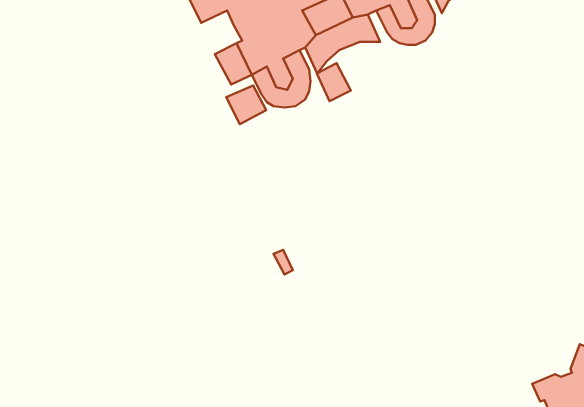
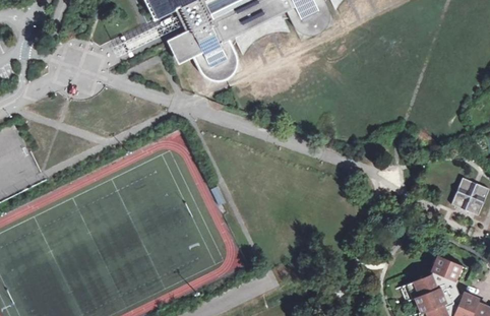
building: [317,63,351,101] -> none
building: [226,85,266,124] -> none

